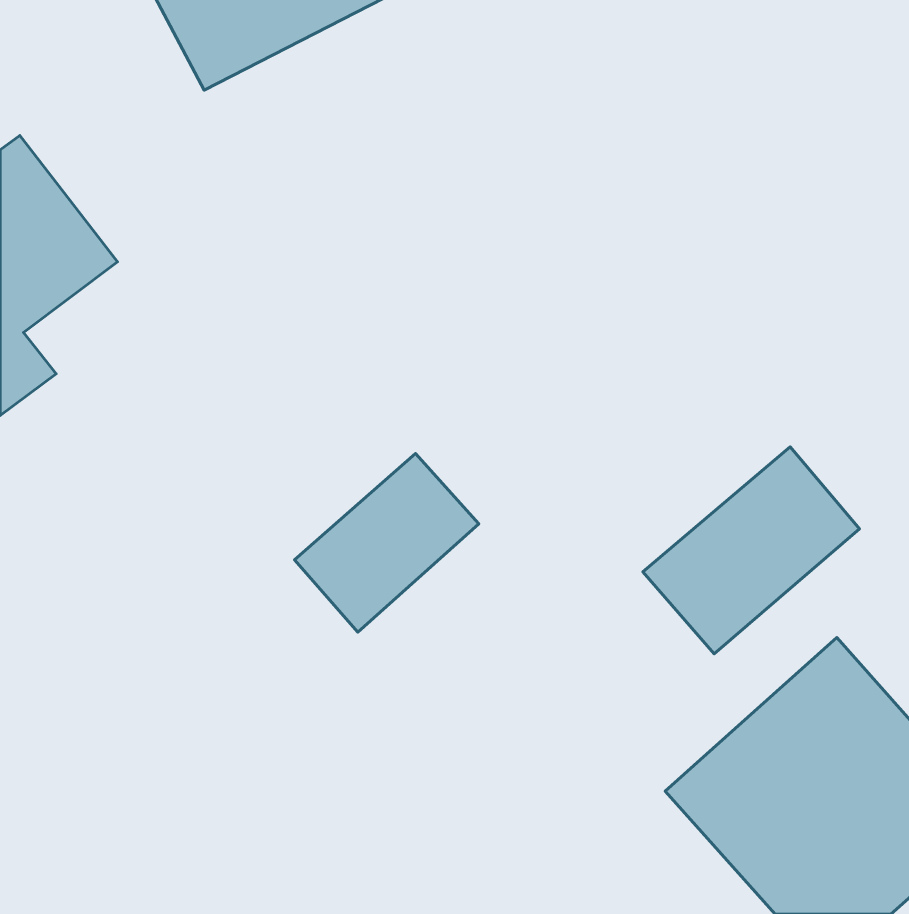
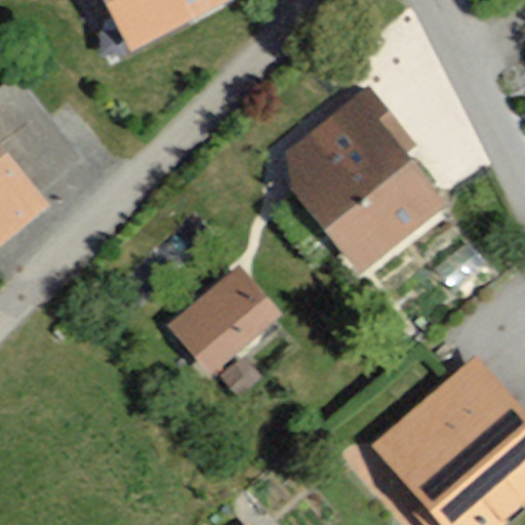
building: none -> [281,89,439,277]
building: [643,447,859,654] -> none

